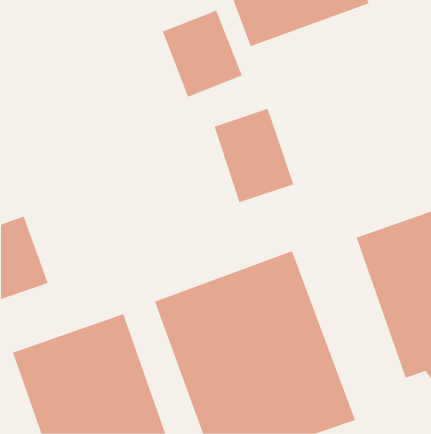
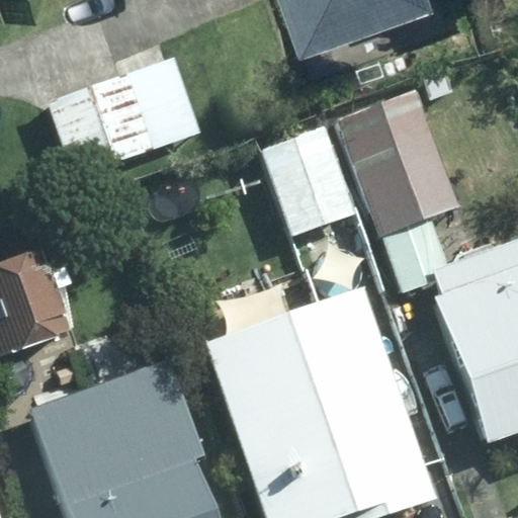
building: [162,10,243,98] -> none
building: none -> [53,50,211,181]
building: none -> [338,91,459,236]

